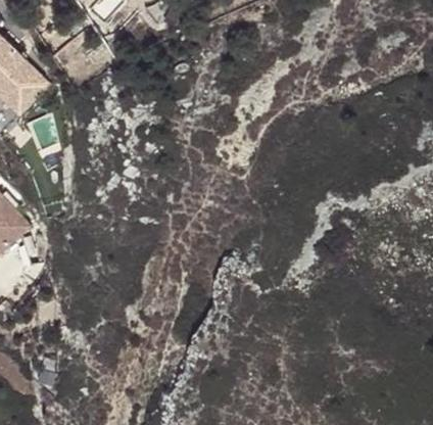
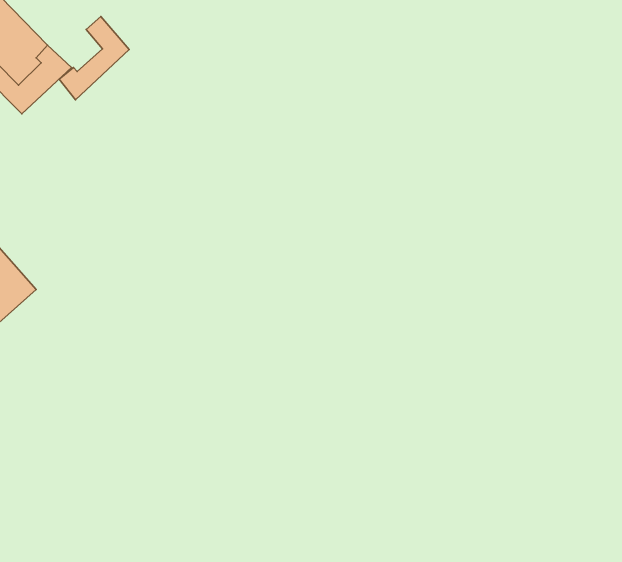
building: none -> [59,16,129,100]

